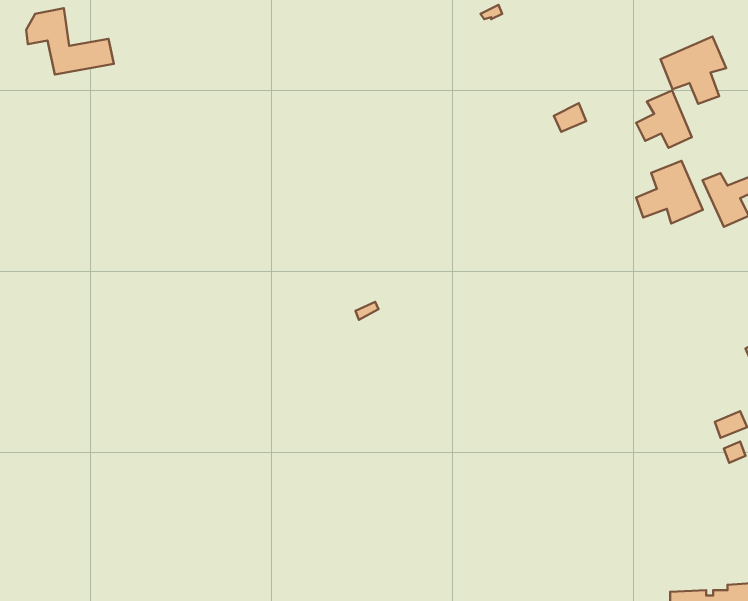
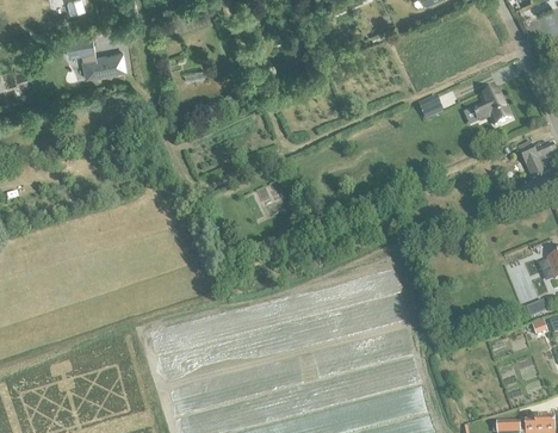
building: [661,37,726,104] -> none
building: [636,161,703,224] -> none

